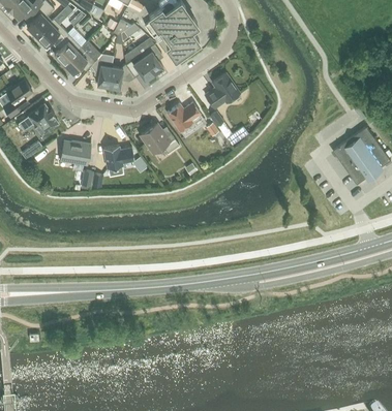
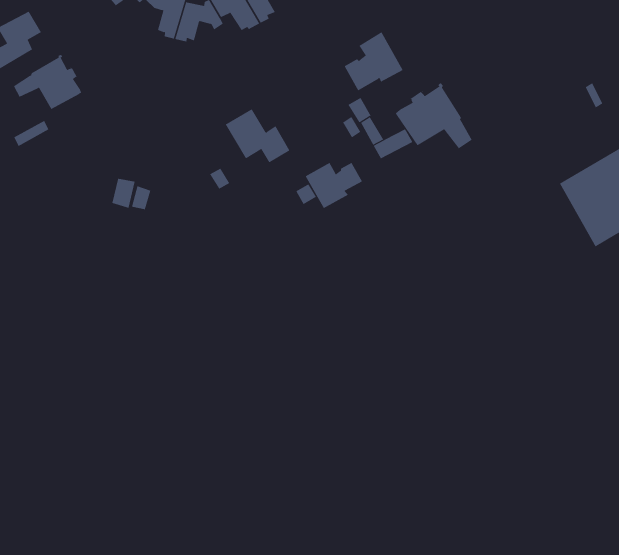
building: none -> [395,82,472,149]
building: [167,102,200,130] -> [305,162,363,209]
building: [60,137,91,163] -> none
building: [103,145,134,167] -> none

